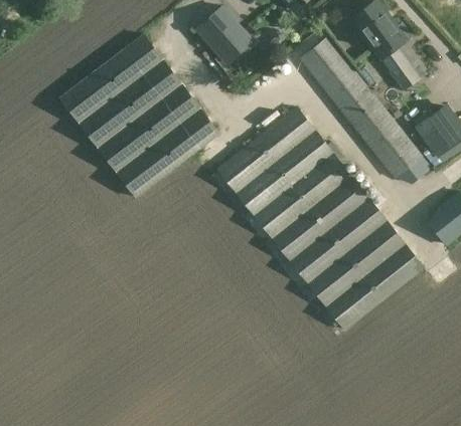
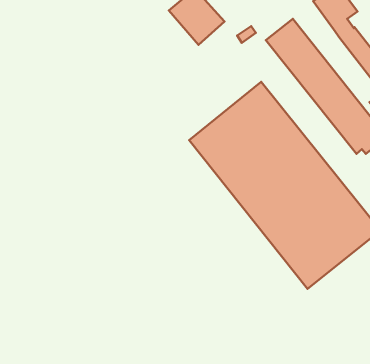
building: [60,35,217,196] -> none

